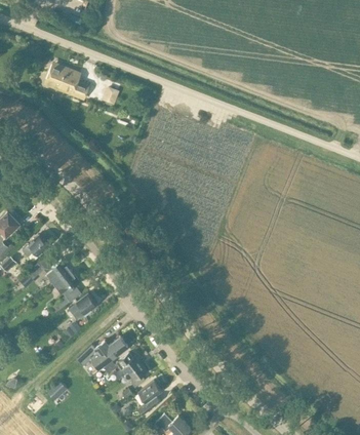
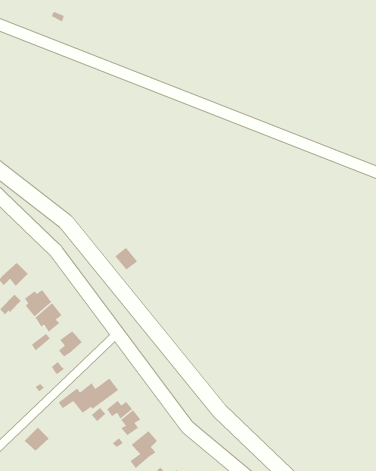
building: [46,67,87,100] -> none

